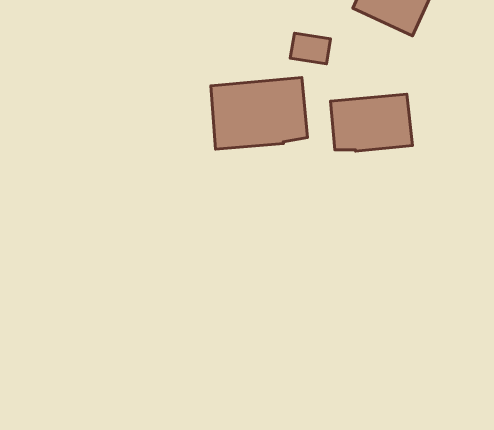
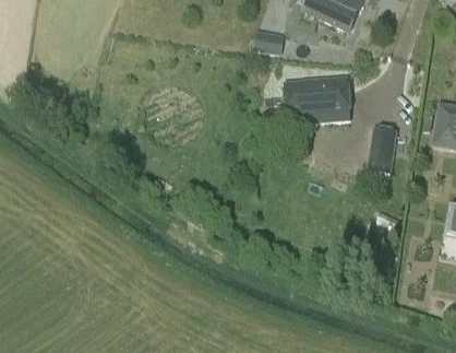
building: [211,77,307,149] -> none
building: none -> [368,125,398,173]

